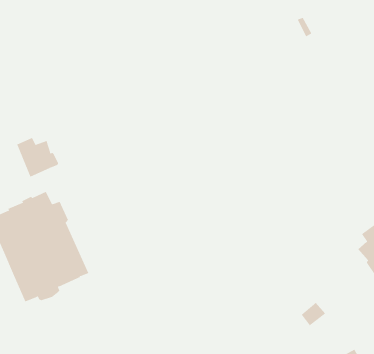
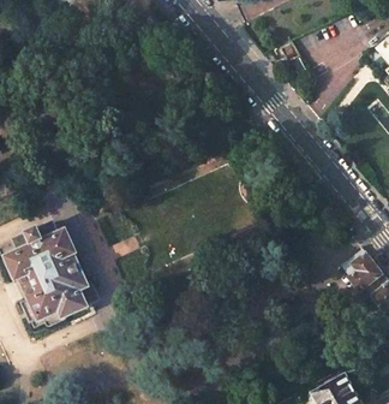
building: [16,137,59,177] -> none

